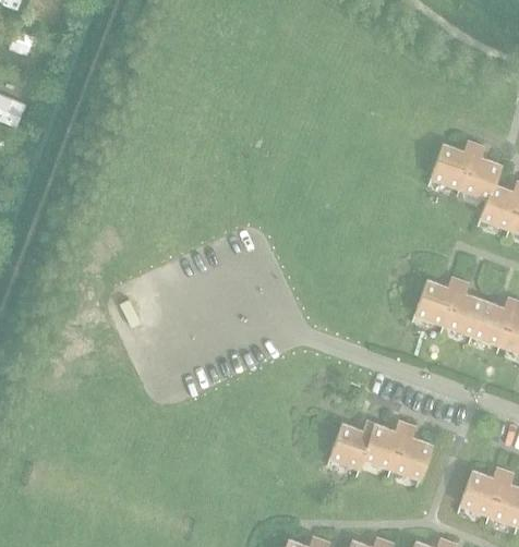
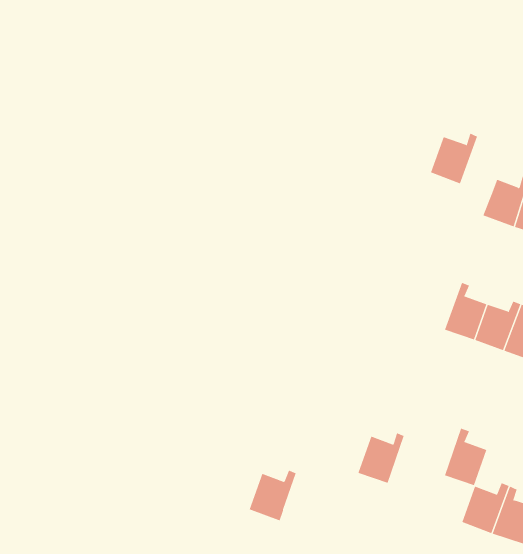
building: [459,145,500,199] -> none
building: [414,278,460,326] -> none
building: [330,422,375,470] -> [249,470,297,521]
building: [391,425,432,479] -> [444,428,487,486]

